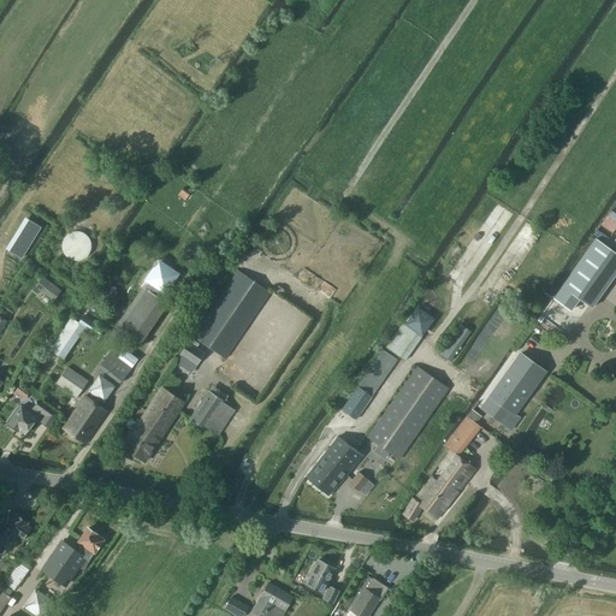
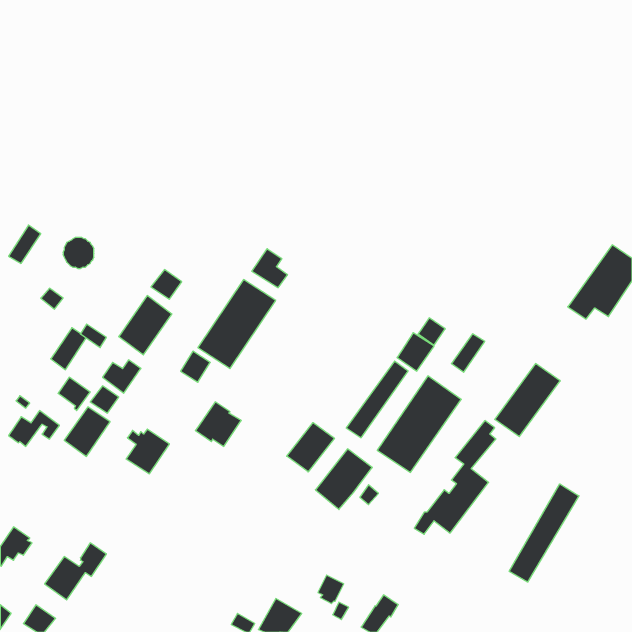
building: none -> [252,249,287,288]
building: [143,386,184,432] -> none
building: none -> [287,423,334,472]
building: none -> [509,484,579,582]

